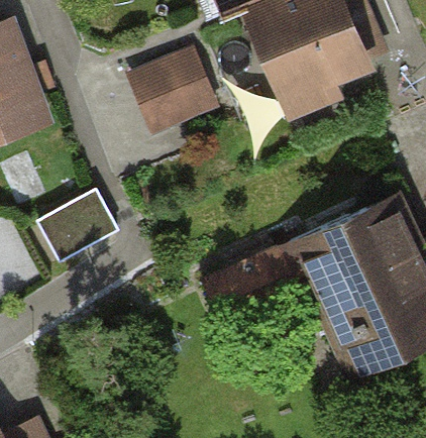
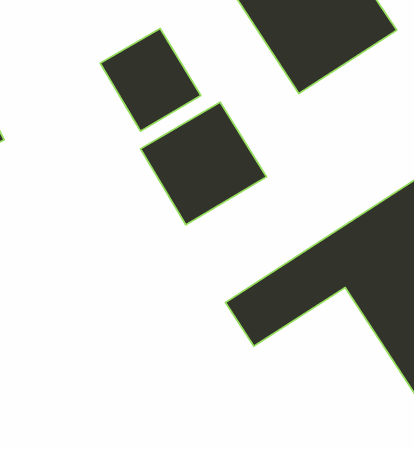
building: none -> [141,102,266,225]
building: [37,190,122,265] -> none

